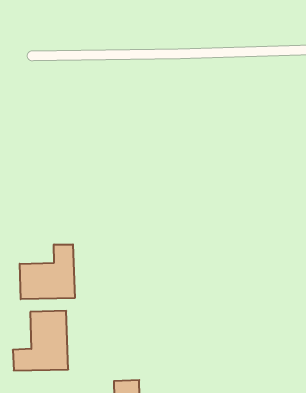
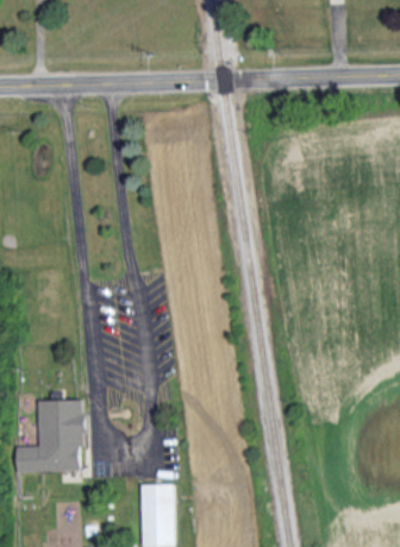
building: [20,244,75,299] -> none

